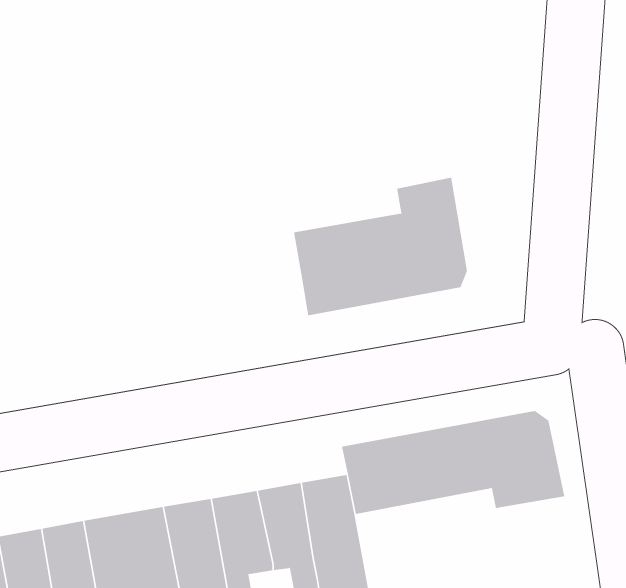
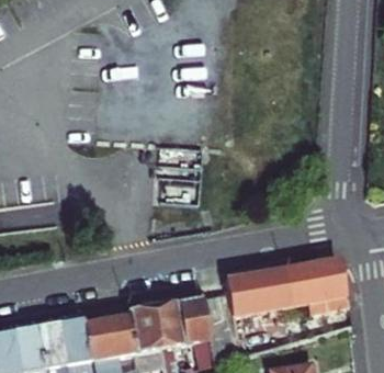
building: [293,177,467,316] -> none

